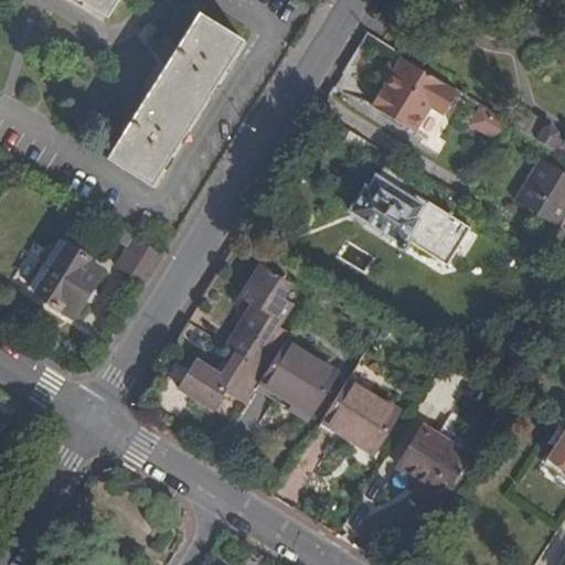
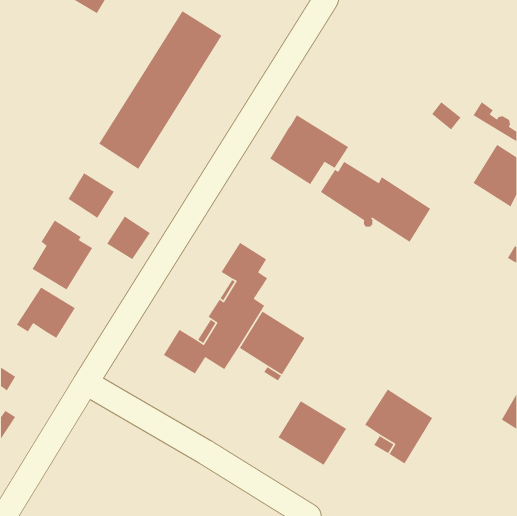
building: [371,55,458,132] -> [269,114,349,185]
building: none -> [68,172,115,219]
building: none -> [16,286,76,339]
building: [323,380,399,451] -> [277,400,347,466]

